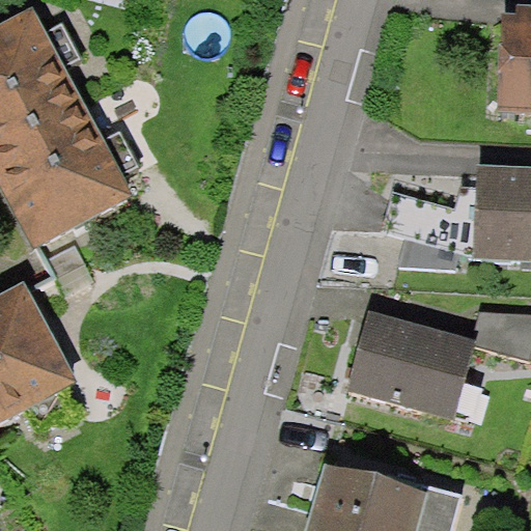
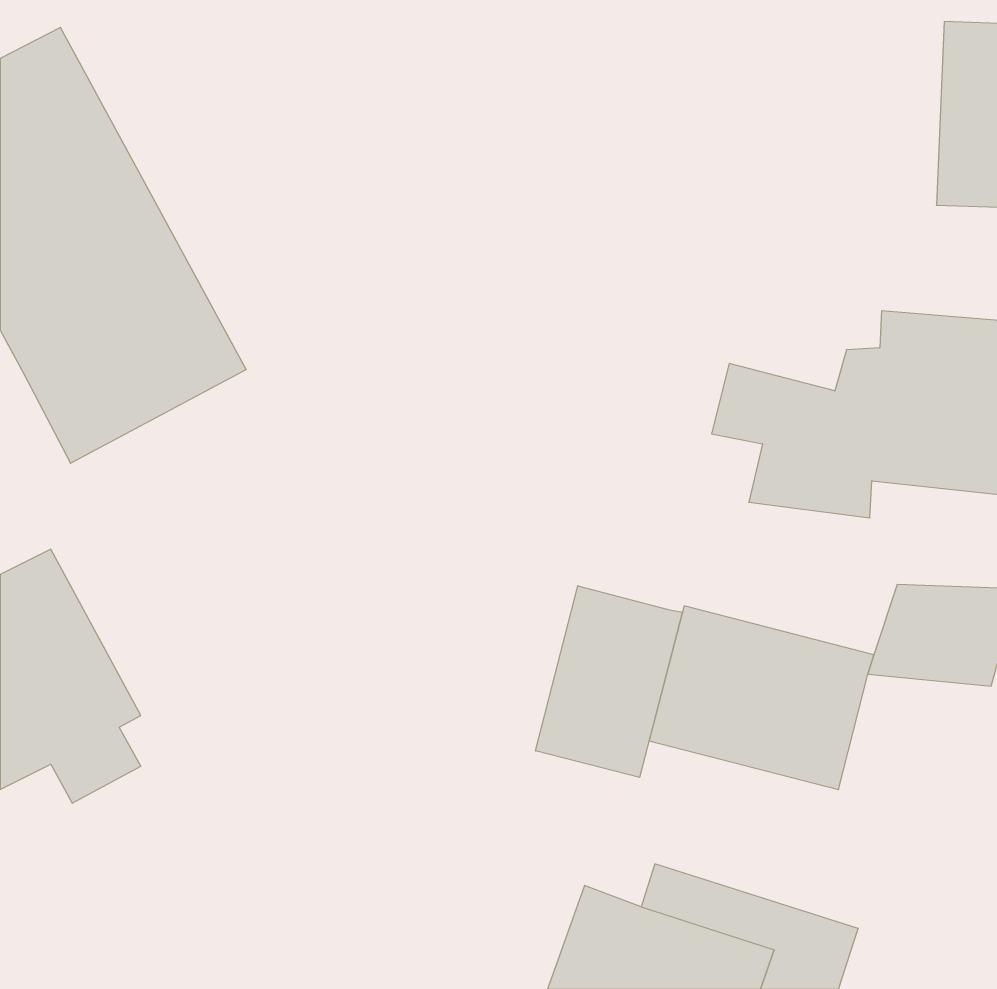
building: none -> [535,586,682,777]

